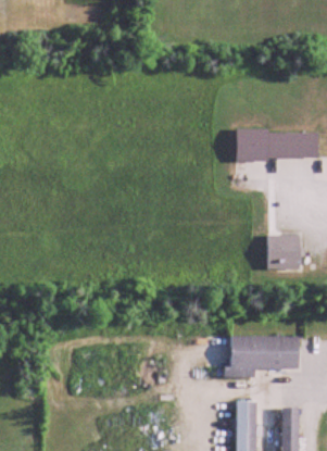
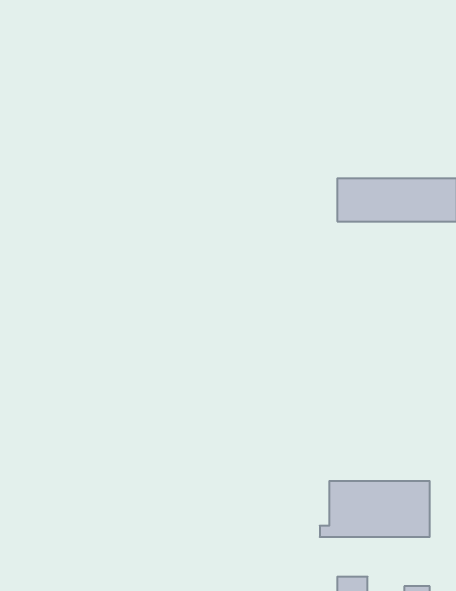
building: [266,234,300,270] -> none

